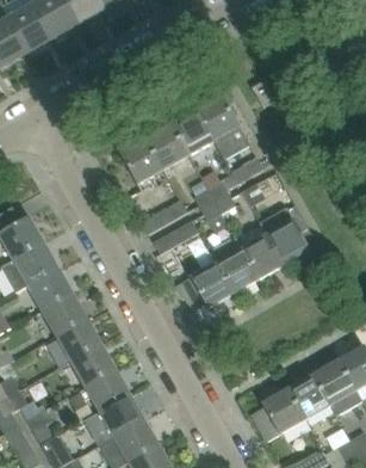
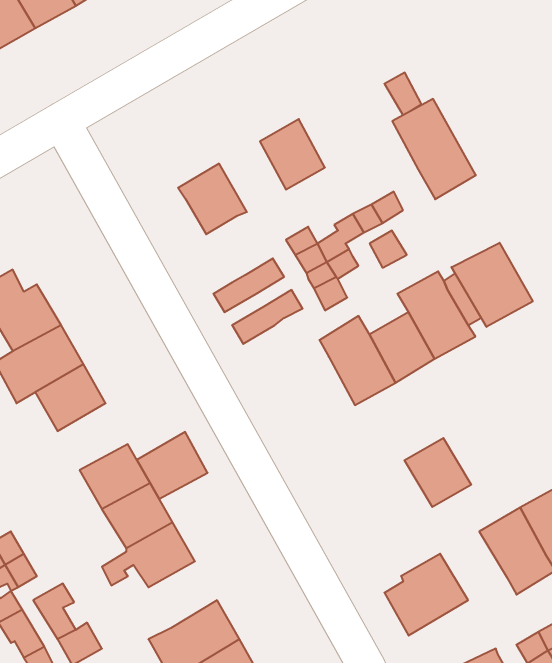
building: [196,96,249,160] -> [392,99,476,199]
building: [144,124,187,170] -> none
building: none -> [451,243,533,327]
building: [176,263,231,312] -> none
building: [41,292,86,335] -> [137,432,208,499]
building: [286,375,329,419] -> [404,438,471,507]
building: [99,394,143,437] -> none

